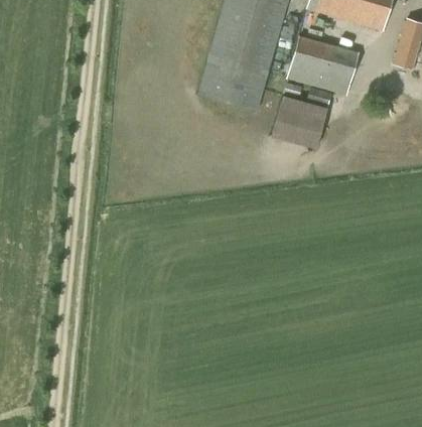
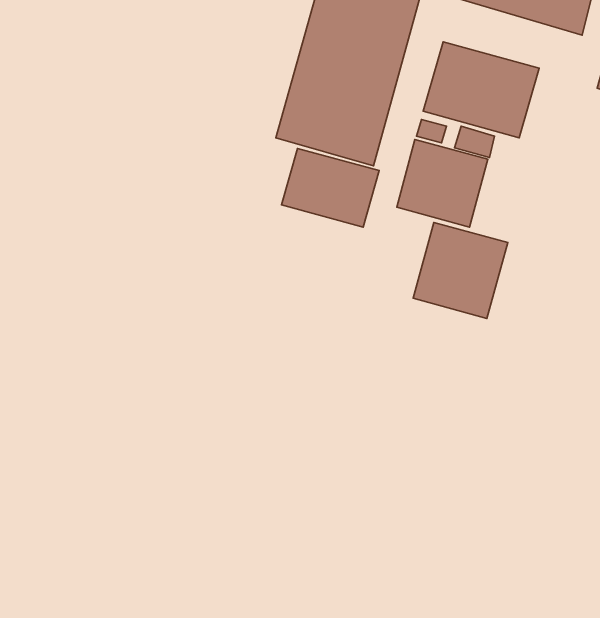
building: none -> [282,148,379,227]
building: none -> [413,222,508,318]

